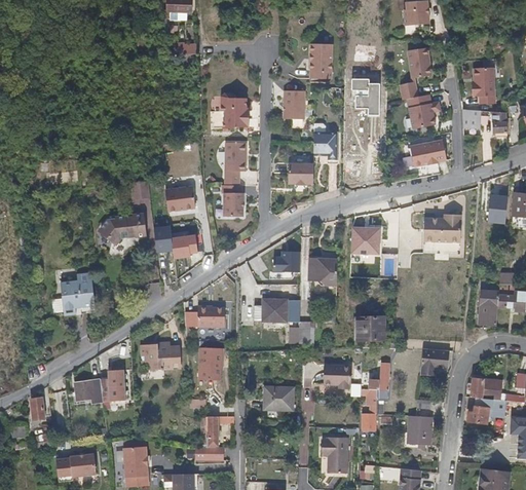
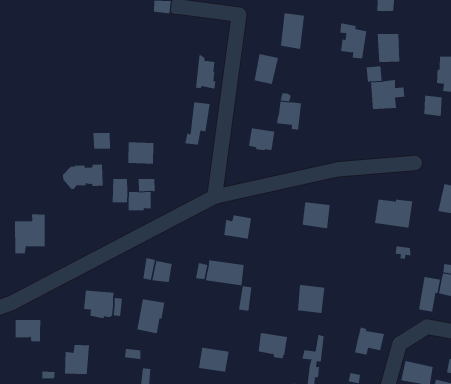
building: [351,79,379,113] -> [339,23,367,59]
building: [409,141,445,165] -> none
building: [222,184,243,215] -> none
building: [307,255,339,282] -> none
building: [100,370,125,402] -> [64,344,90,374]

